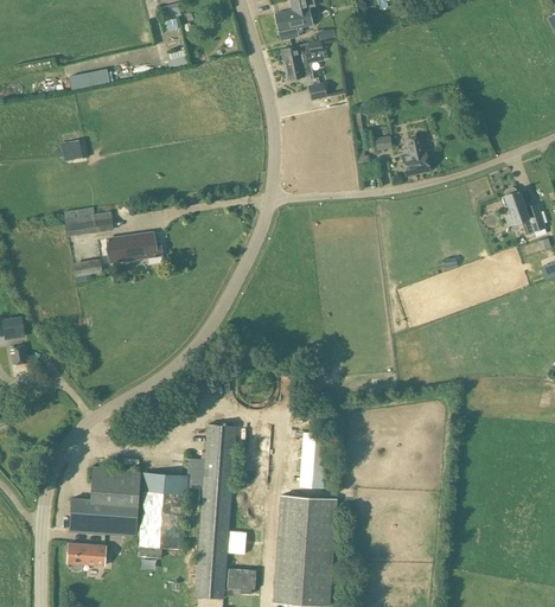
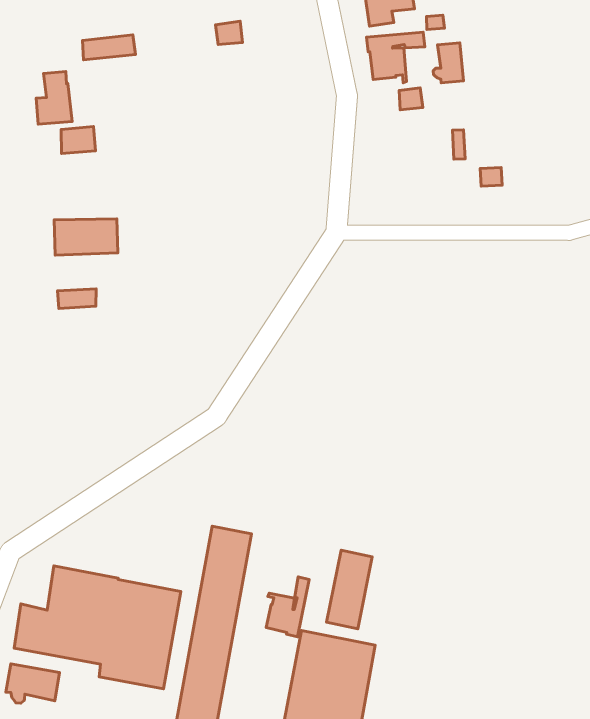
building: none -> [433,43,464,83]
building: none -> [36,72,72,124]
building: [401,135,429,175] -> none
building: [108,234,161,262] -> none
building: none -> [266,577,309,637]

